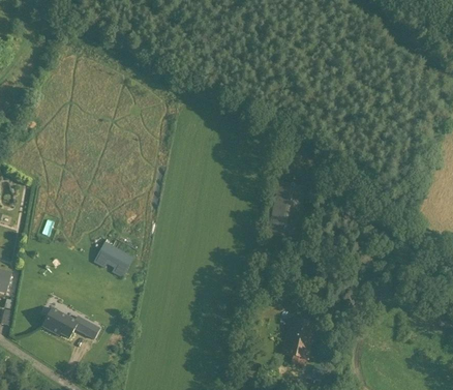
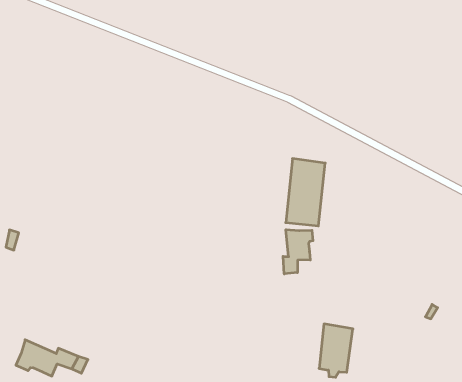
building: none -> [283,230,313,274]
building: [94,242,131,276] -> none

